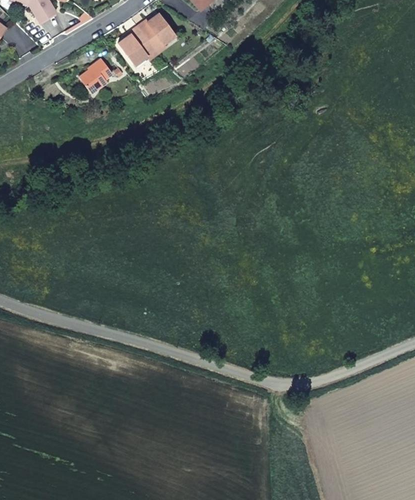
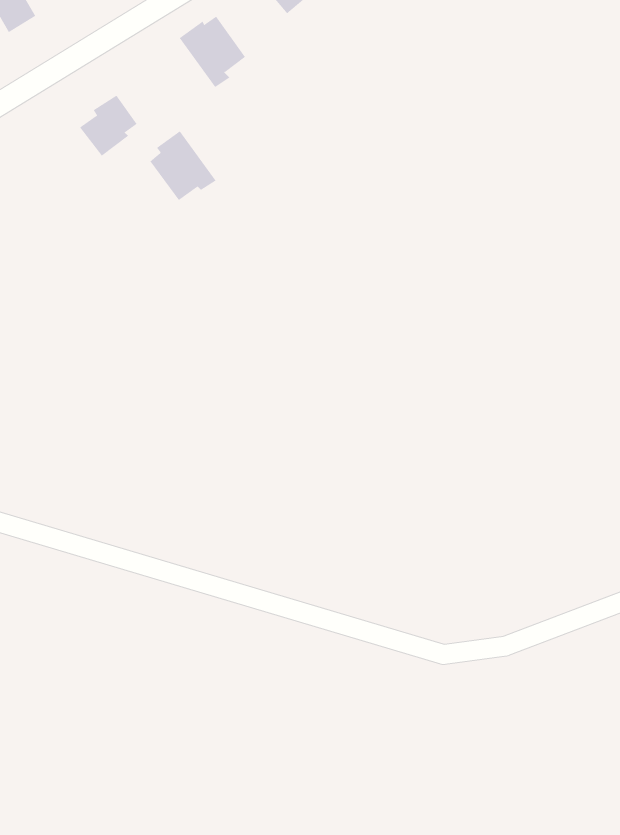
building: [119,25,158,66] -> [149,131,216,201]

